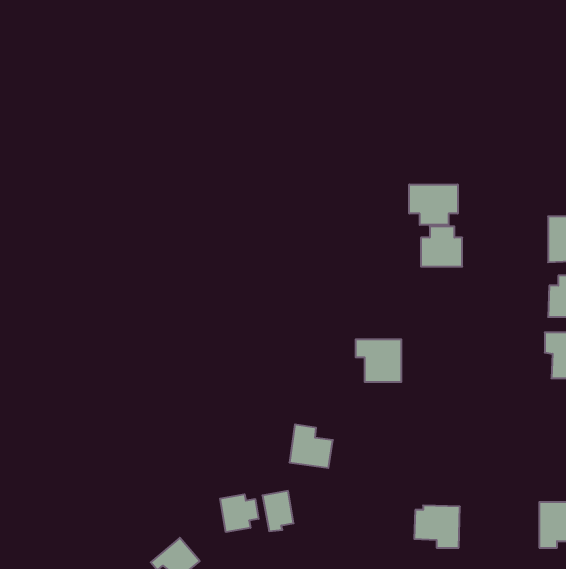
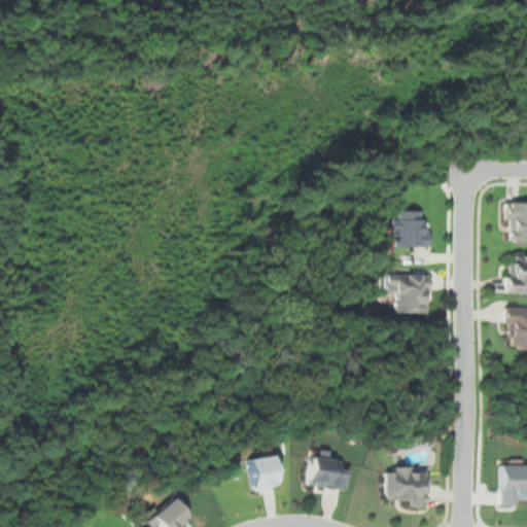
building: [409,184,458,225] -> none
building: [356,339,401,382] -> [389,274,431,313]
building: [289,424,333,468] -> [308,450,348,490]
building: [220,494,259,532] -> none

